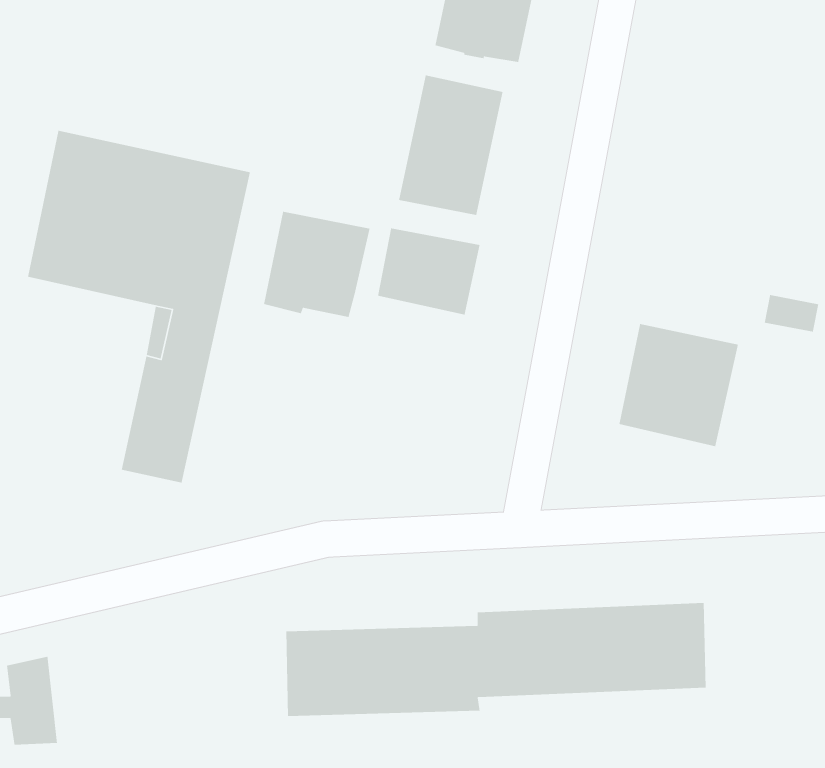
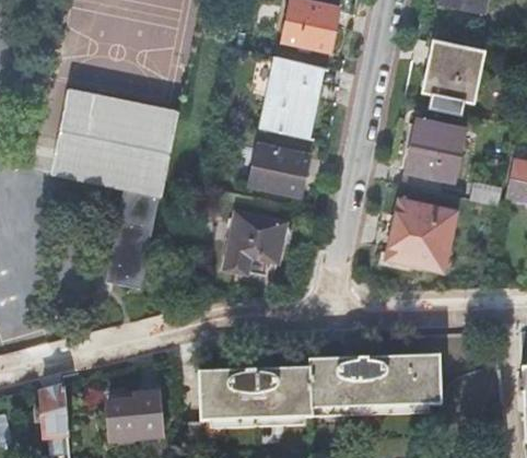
building: none -> [422,38,485,101]
building: none -> [407,115,465,178]
building: [263,211,370,318] -> [225,211,286,272]
building: none -> [105,395,159,442]

